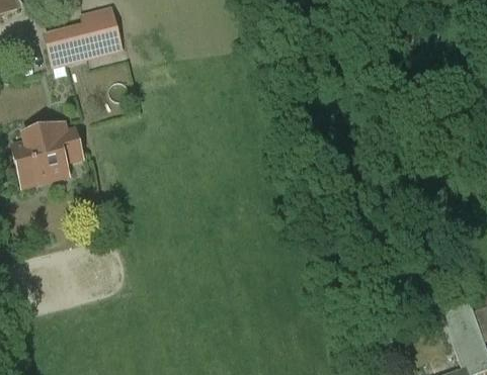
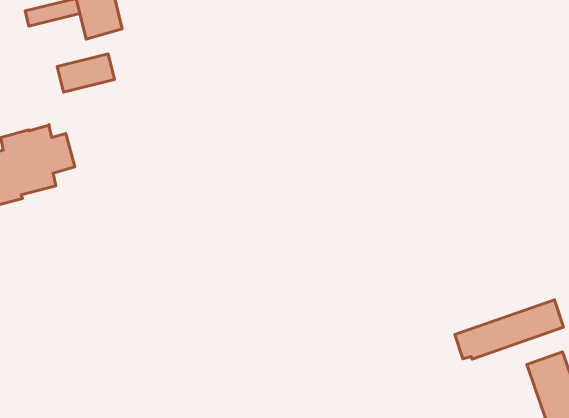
building: [47,35,92,66] -> [57,54,115,92]
building: none -> [455,300,564,359]

